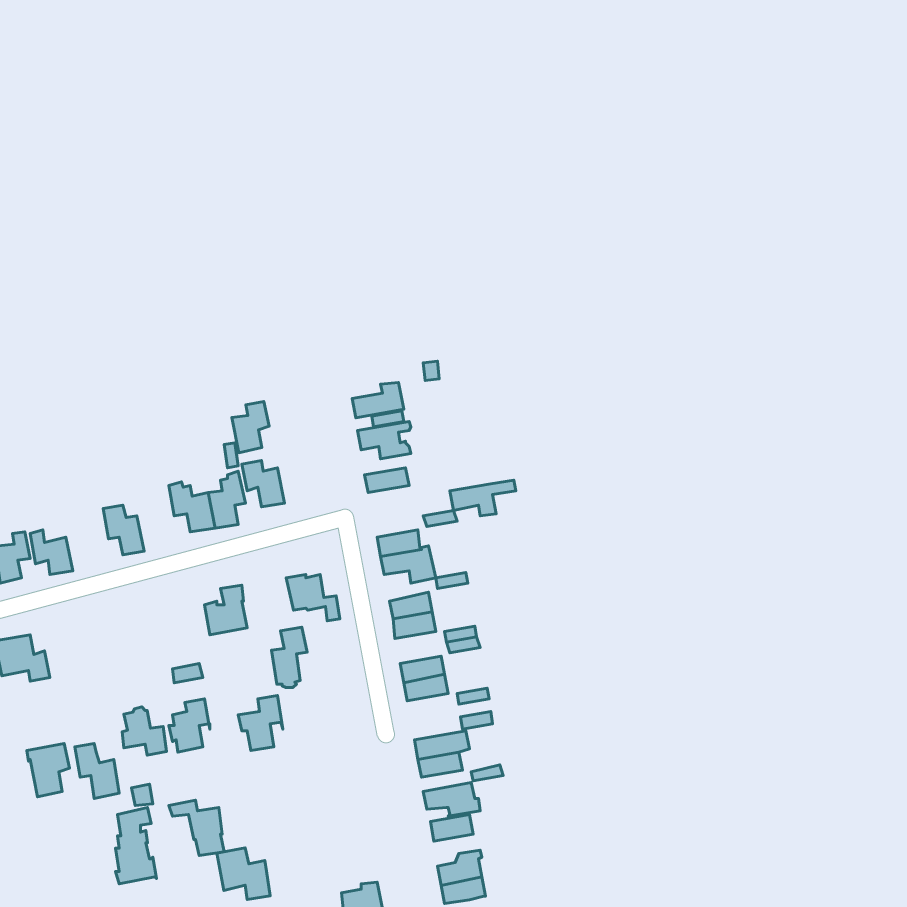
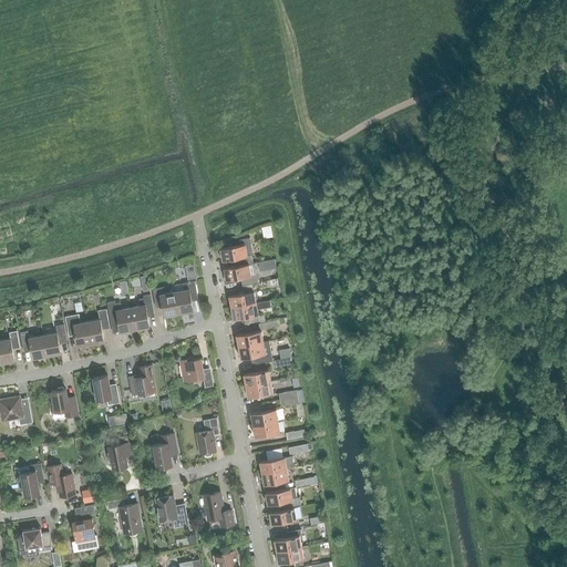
building: [232,401,269,453] -> [173,282,196,315]
building: [450,480,516,516] -> [229,301,270,323]
building: none -> [85,310,109,344]
building: none -> [41,324,66,357]
building: none -> [92,375,118,405]
building: [272,627,307,688] -> [196,419,218,456]
building: [122,707,167,755] -> [49,388,76,417]
building: none -> [202,493,233,527]
building: none -> [16,528,51,557]
building: [217,848,270,899] -> [154,496,187,528]

